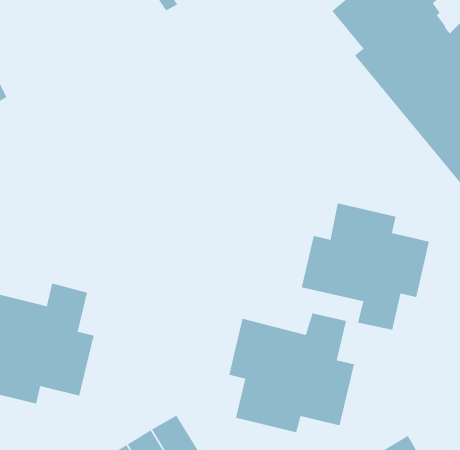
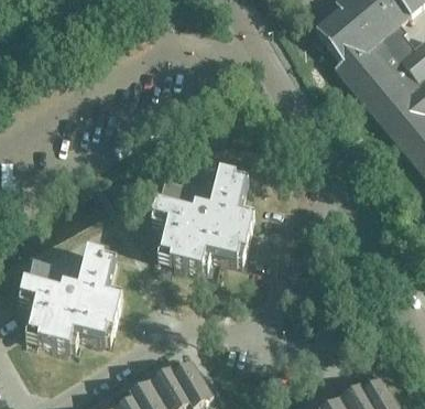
building: [301,202,429,331] -> none
building: [228,313,355,433] -> [151,174,254,272]

